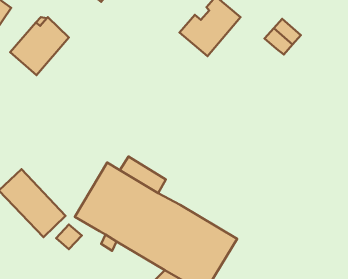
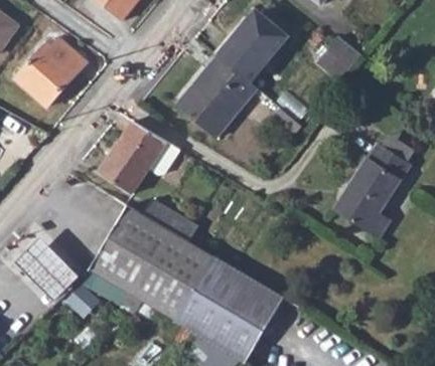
building: none -> [175,55,256,138]
building: none -> [101,122,179,196]
building: none -> [333,146,409,238]

